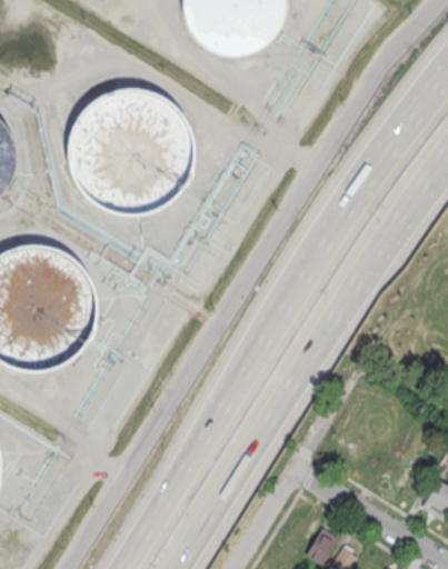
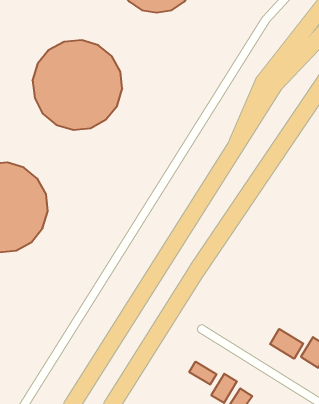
building: none -> [270,329,303,359]
building: none -> [189,362,216,385]

